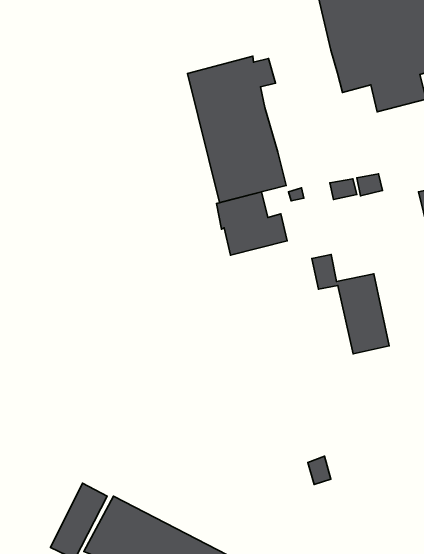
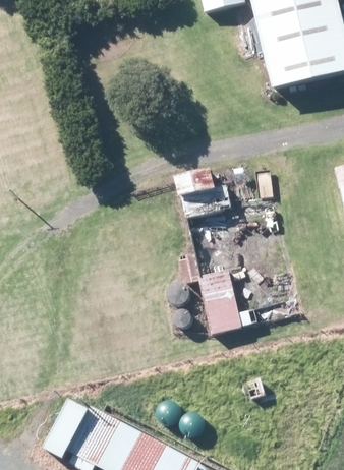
building: [187,56,286,202] -> none
building: [312,254,389,354] -> [179,255,240,334]

